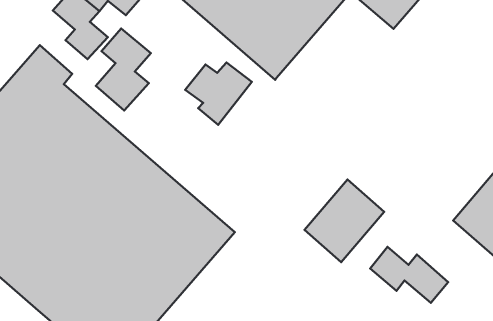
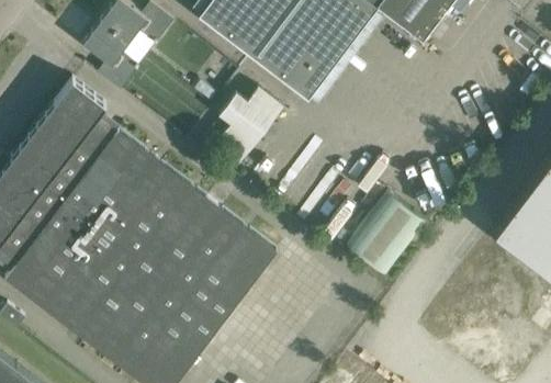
building: [96,29,151,110] -> none
building: [370,247,448,303] -> none

